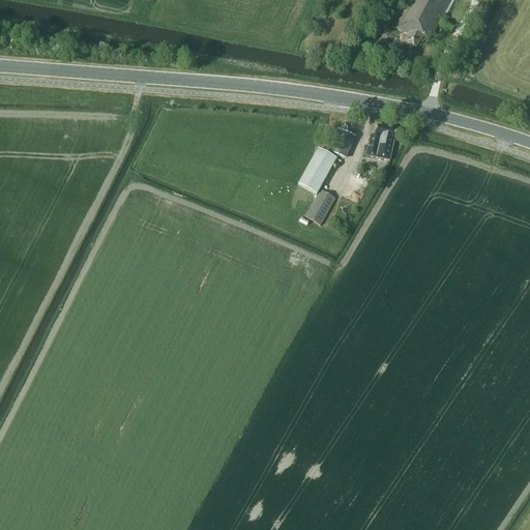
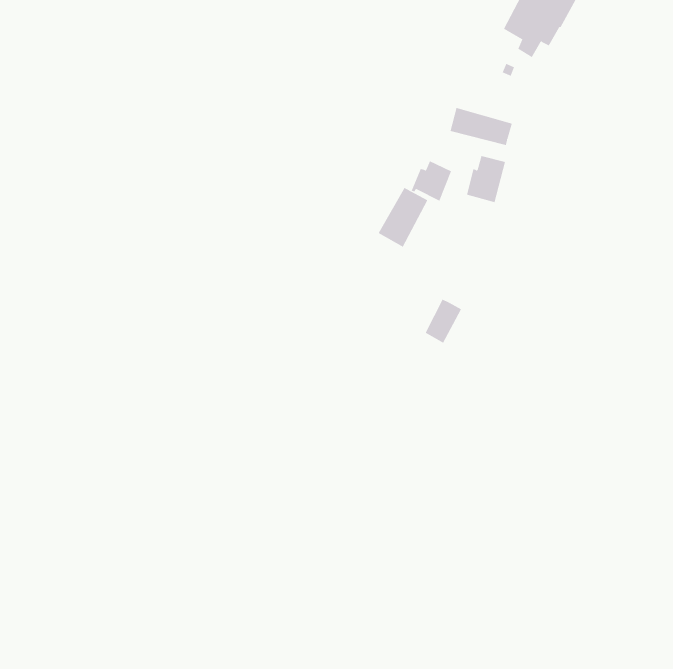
building: none -> [450,107,512,146]
building: [306,188,335,224] -> [425,299,462,343]

